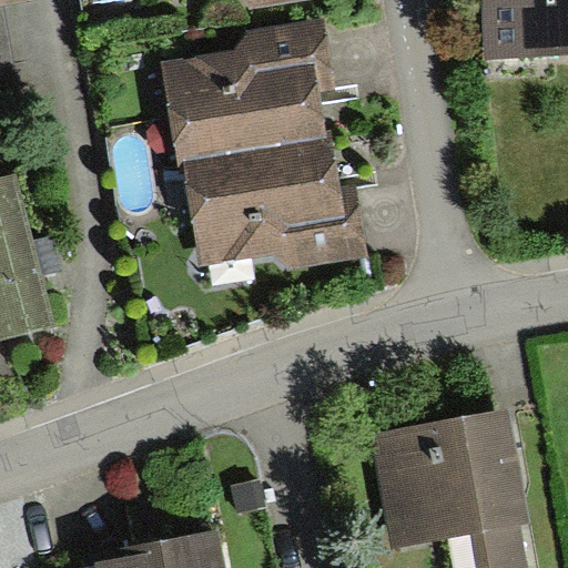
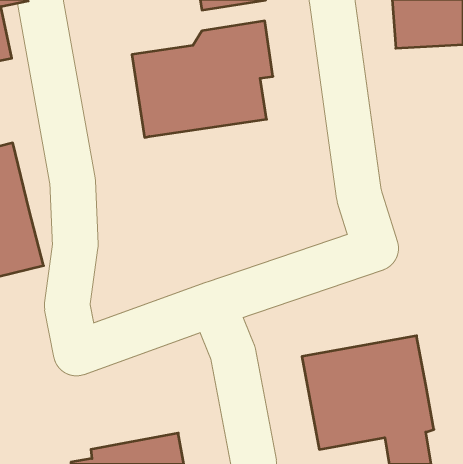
building: [182,144,363,270] -> none

